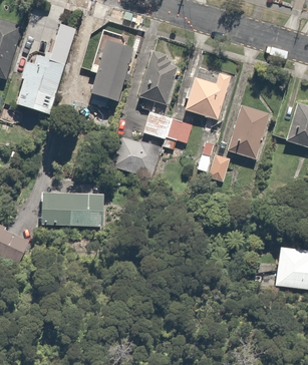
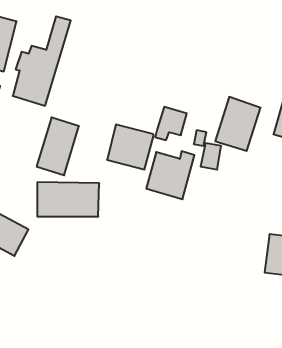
building: [90,41,133,100] -> [37,117,79,175]
building: [134,51,180,106] -> none
building: [182,72,231,121] -> [146,151,194,199]
building: [142,109,171,138] -> none

